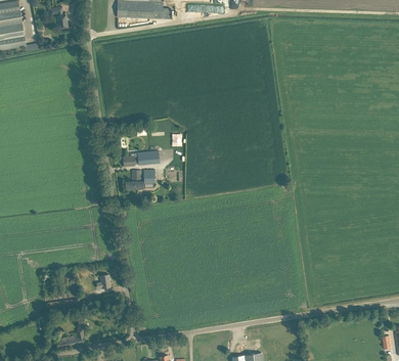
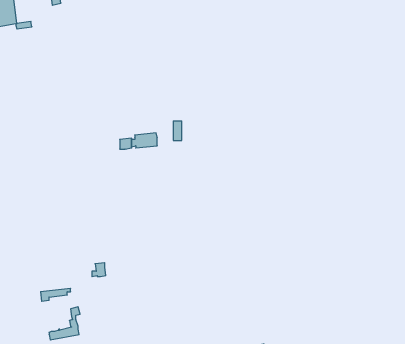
building: [126,170,156,189] -> none

